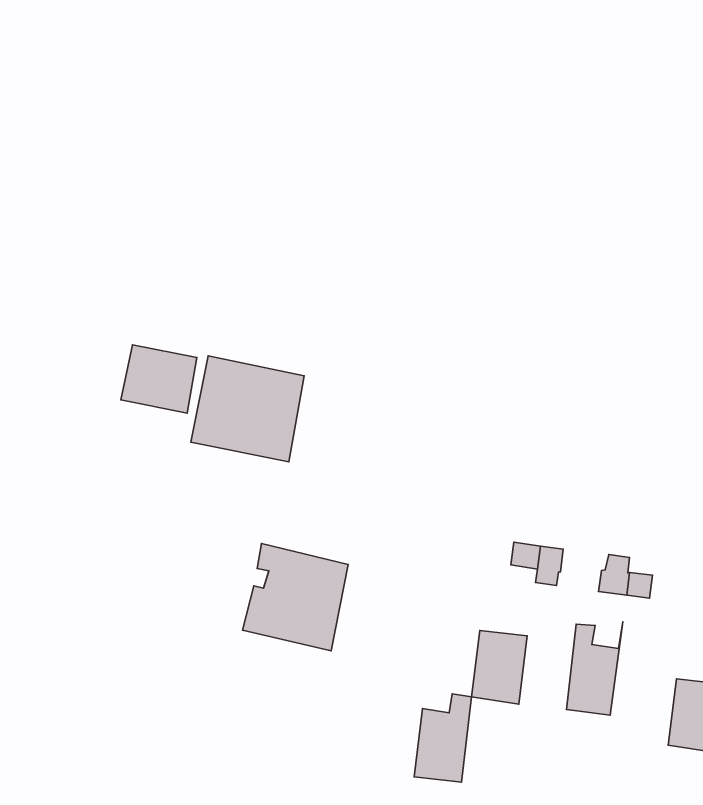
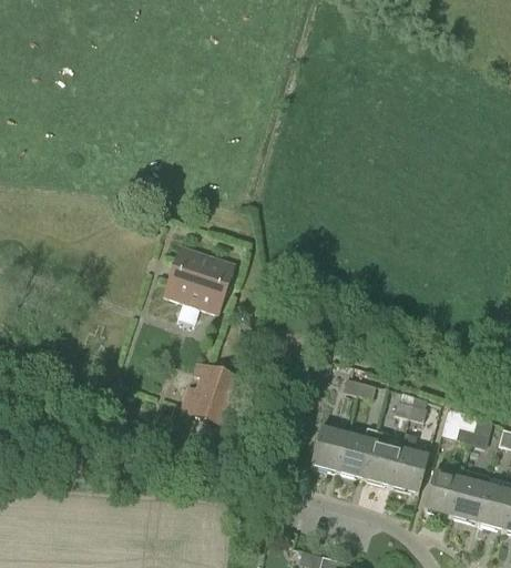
building: [121,345,197,413] -> none
building: none -> [391,433,428,495]
building: [414,694,471,782] -> [338,427,378,480]

